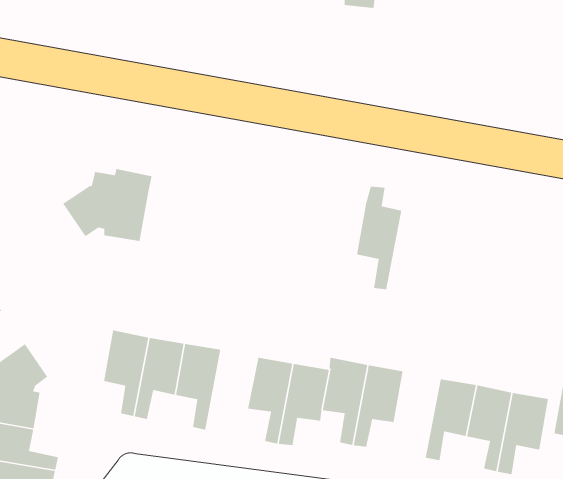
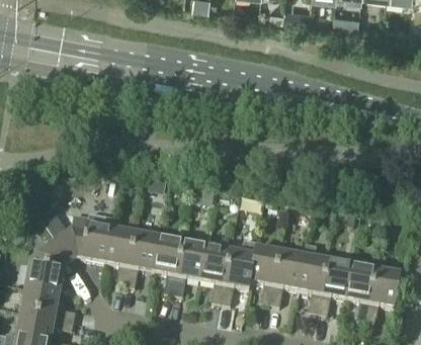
building: [62,168,153,242] -> [54,213,113,262]
building: [356,186,402,290] -> [298,244,328,313]
building: none -> [173,241,207,296]

